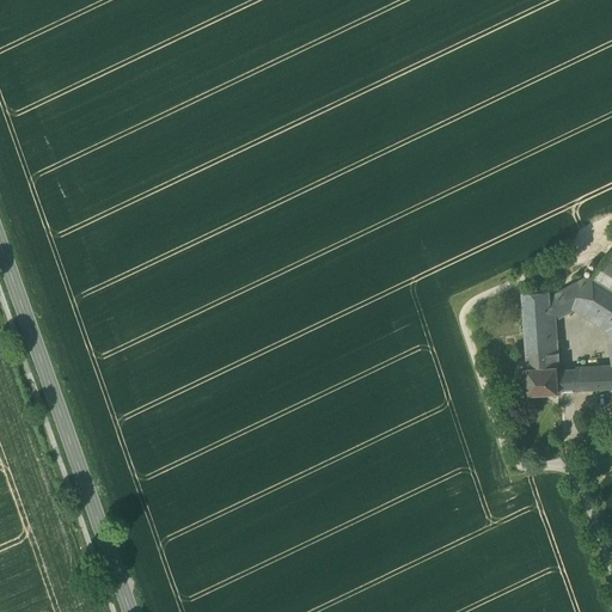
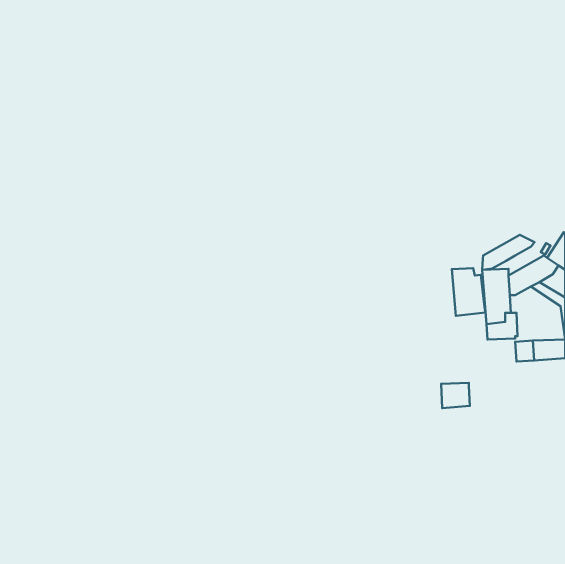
building: none -> [482,235,535,270]
building: none -> [452,268,486,316]
building: [527,367,558,394] -> [441,383,470,408]

